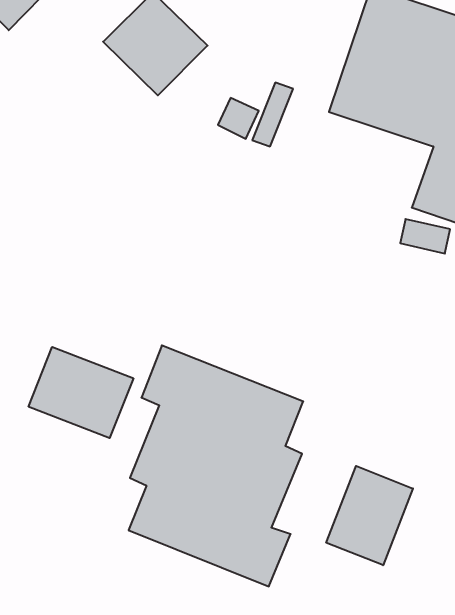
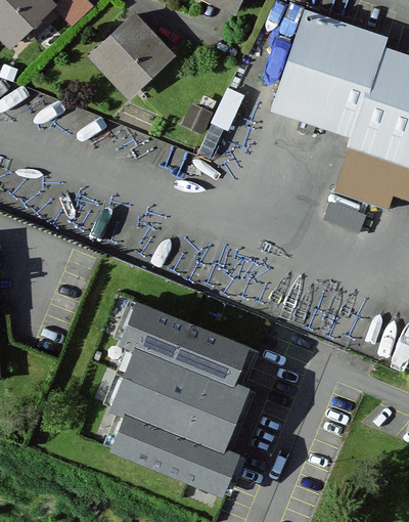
building: [29,347,133,438] -> none
building: [326,466,413,565] -> none

